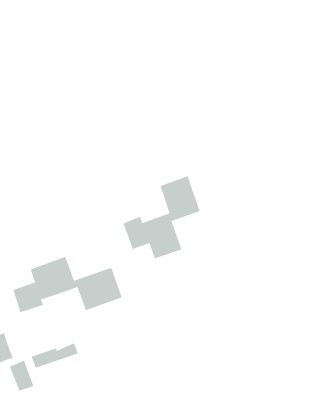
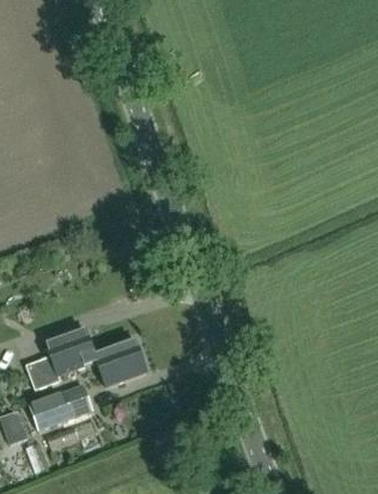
building: [123,175,200,259] -> none
building: none -> [29,384,92,429]

